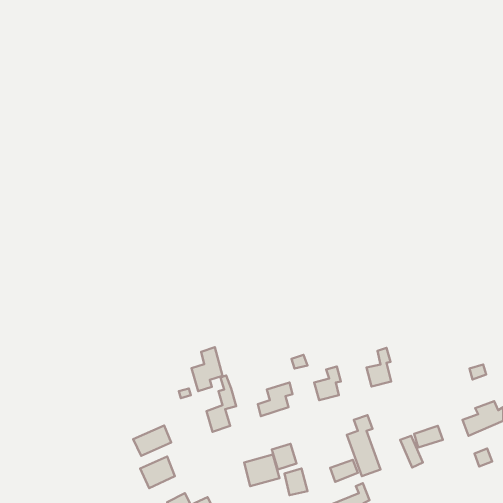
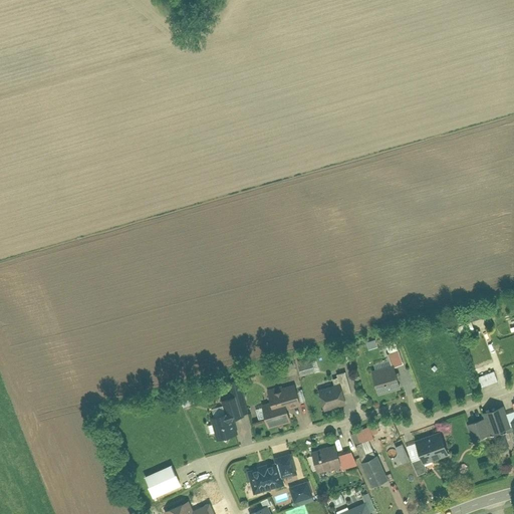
building: [191,347,222,391] -> none
building: [133,425,171,456] -> none
building: [330,460,358,482] -> [311,448,339,470]

